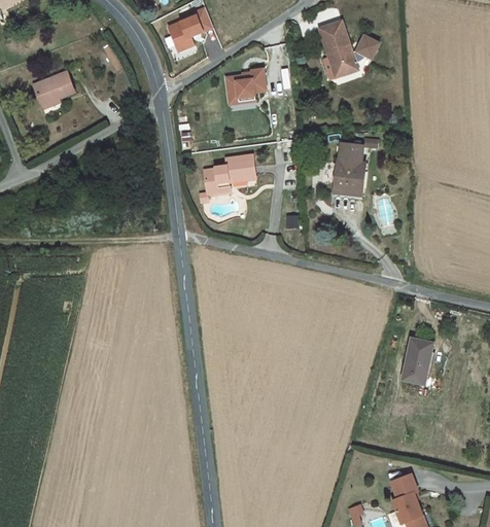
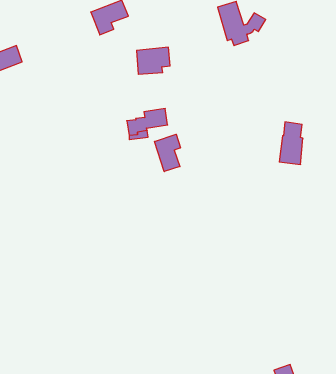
building: [335,140,364,194] -> [279,122,303,164]
building: none -> [155,134,180,172]
building: [404,338,436,385] -> none

